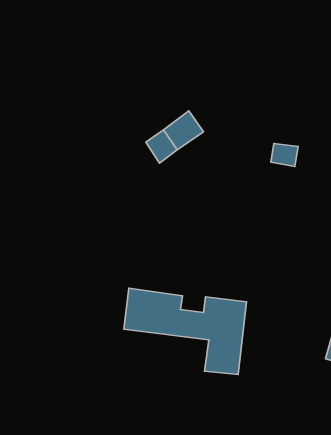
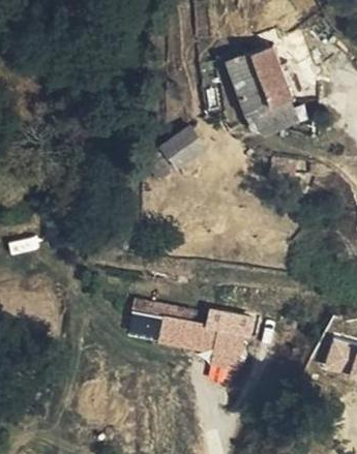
building: none -> [232,41,302,128]

